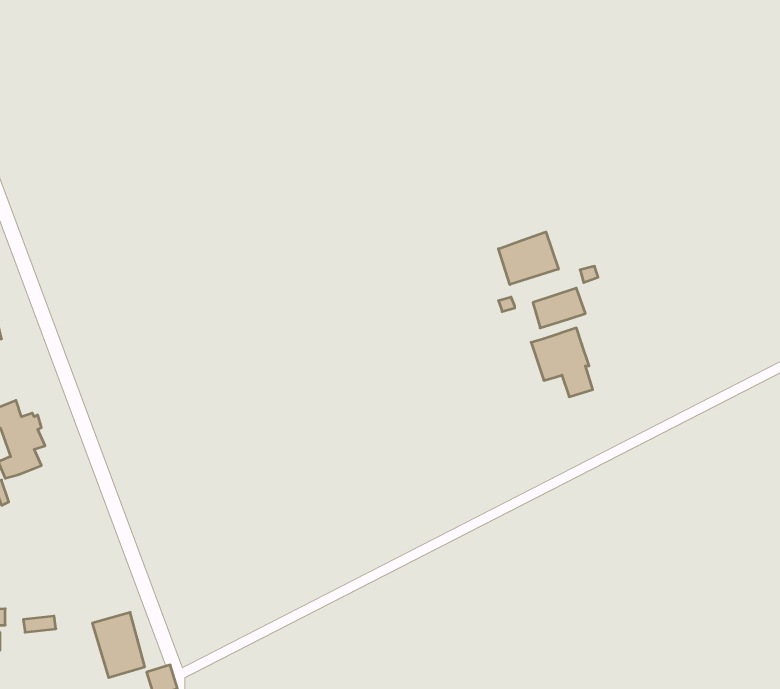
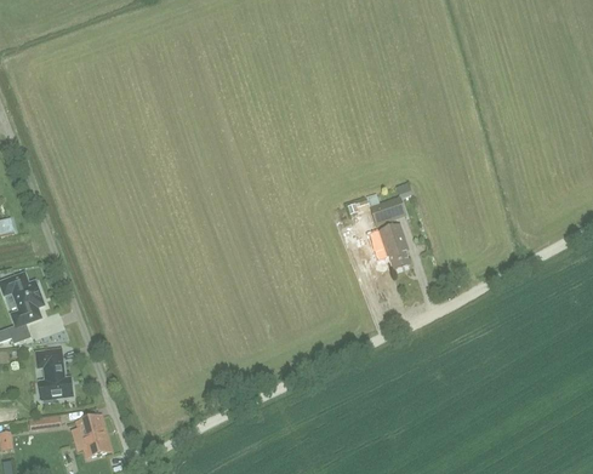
building: [498,232,558,285] -> none
building: none -> [35,347,72,401]

